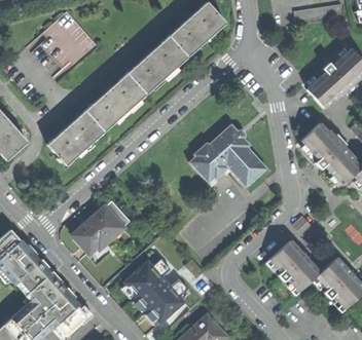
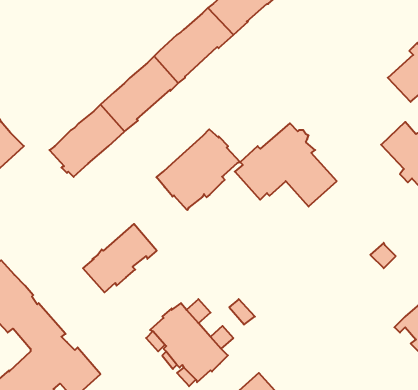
building: none -> [156,129,240,210]
building: [266,239,320,294] -> none

